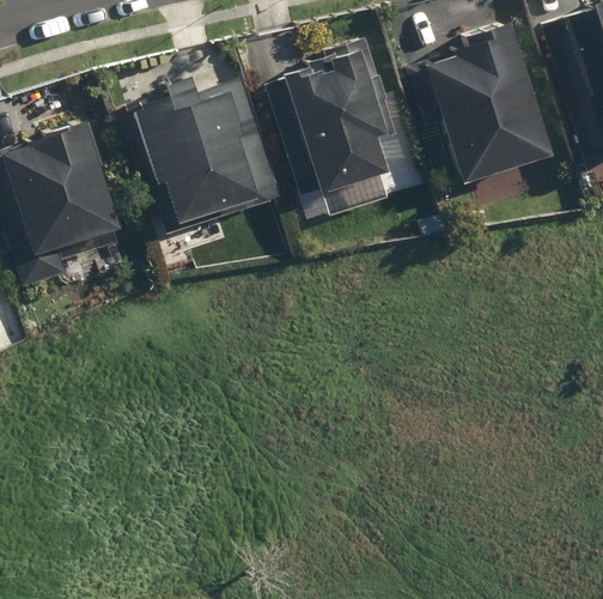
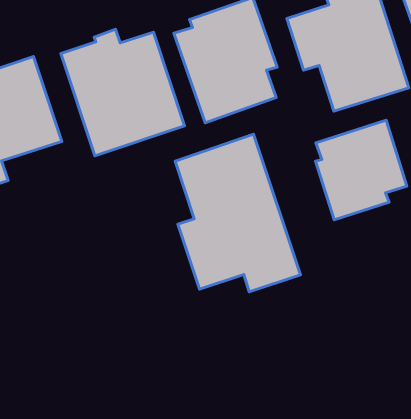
building: none -> [316,120,407,220]
building: none -> [175,134,300,292]

